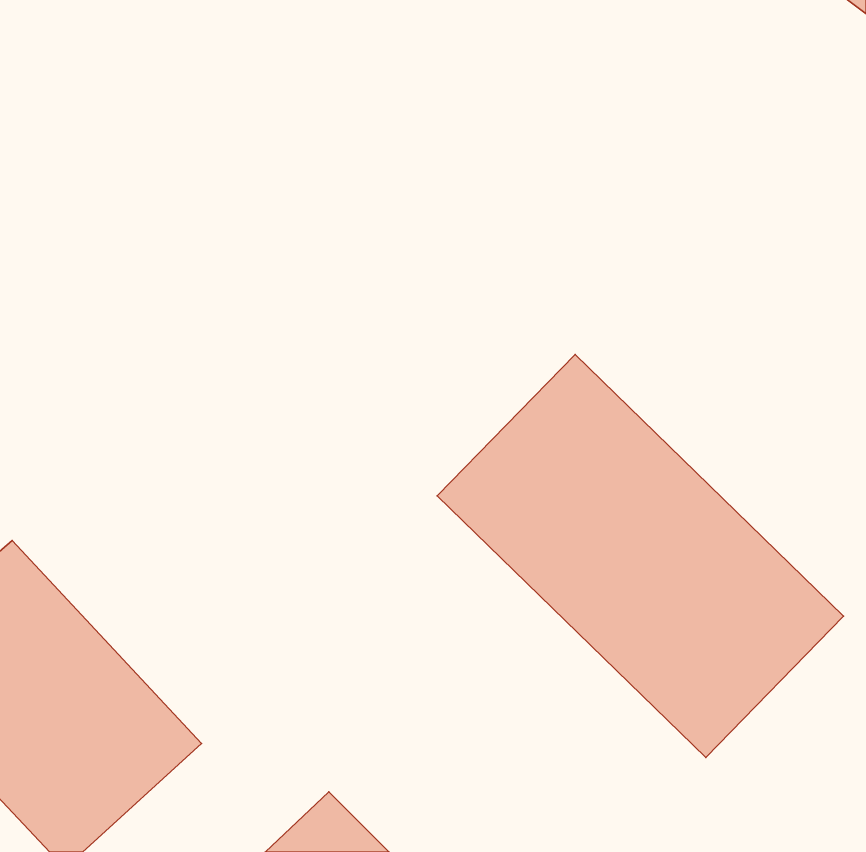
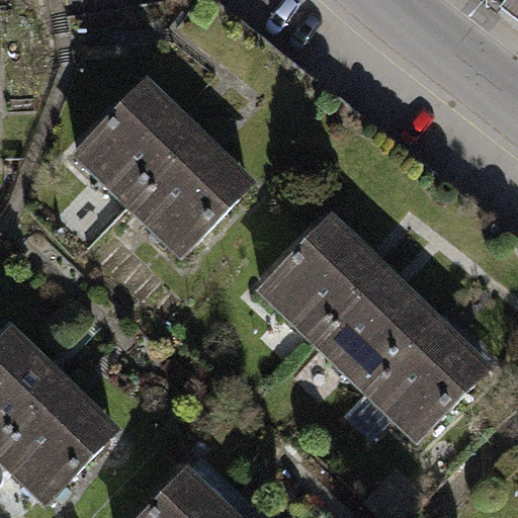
building: none -> [68,77,250,262]

